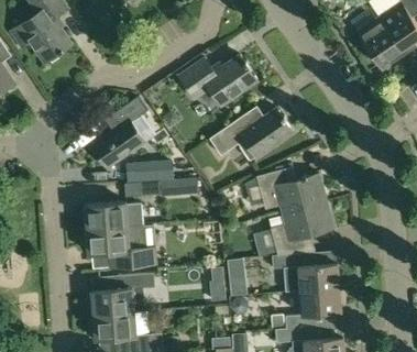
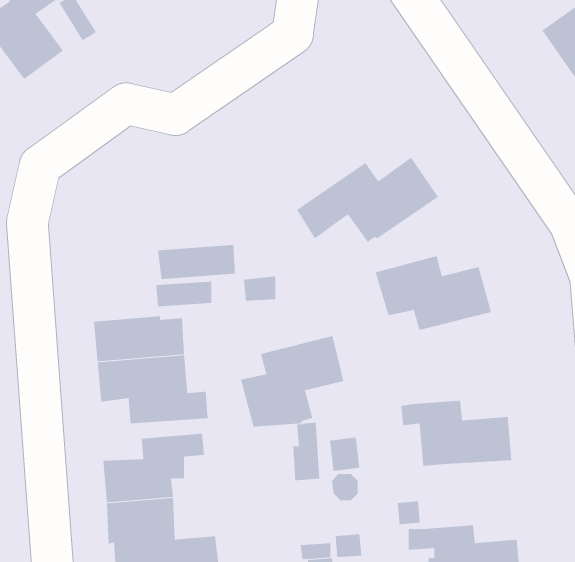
building: [179,56,259,106] -> none
building: [95,97,149,166] -> none
building: [272,200,334,255] -> [240,336,344,427]
building: [287,289,342,330] -> none

